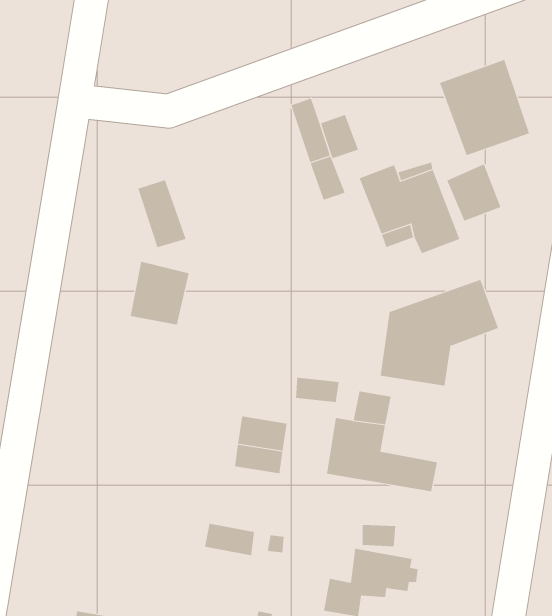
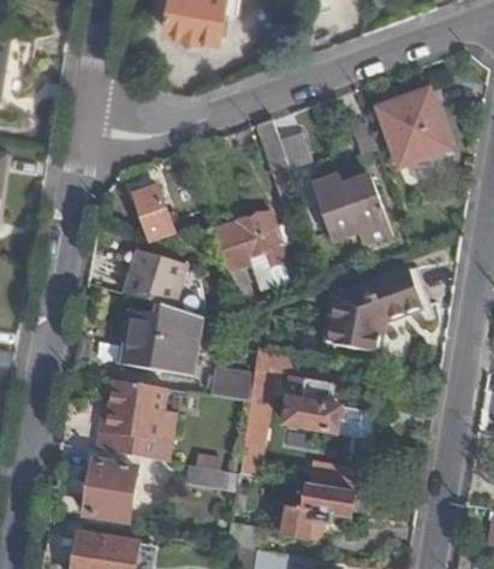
building: [447,163,501,222] -> none
building: none -> [210,209,282,295]
building: none -> [120,304,202,378]
building: none -> [95,381,171,461]
building: none -> [85,462,133,520]

